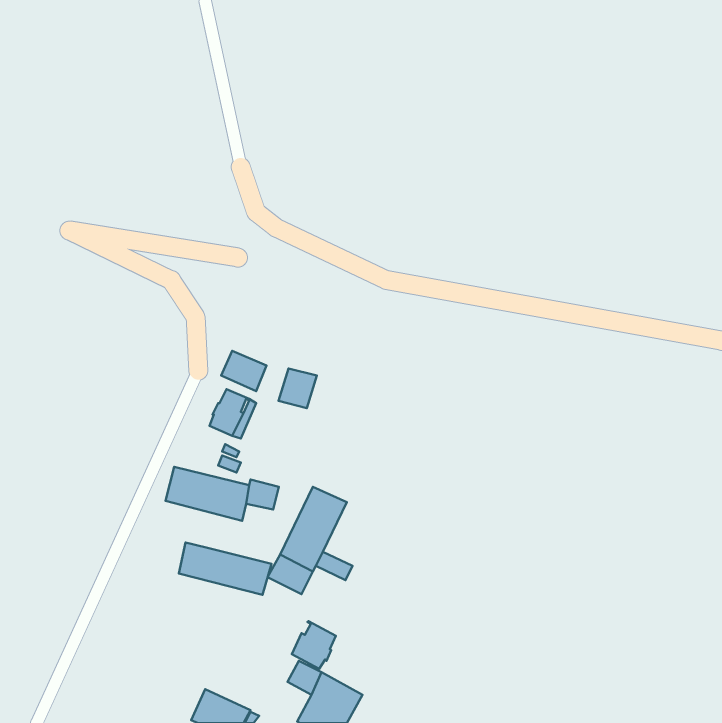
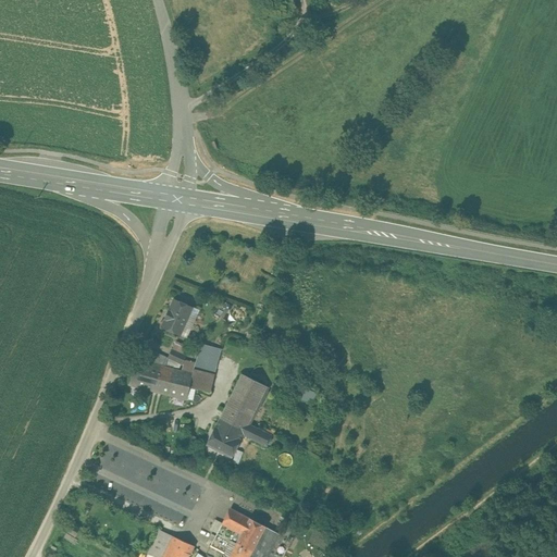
building: [221,351,266,391] -> none
building: [279,368,317,408] -> [193,344,222,374]
building: [179,543,271,595] -> none
building: [292,621,336,669] -> none

